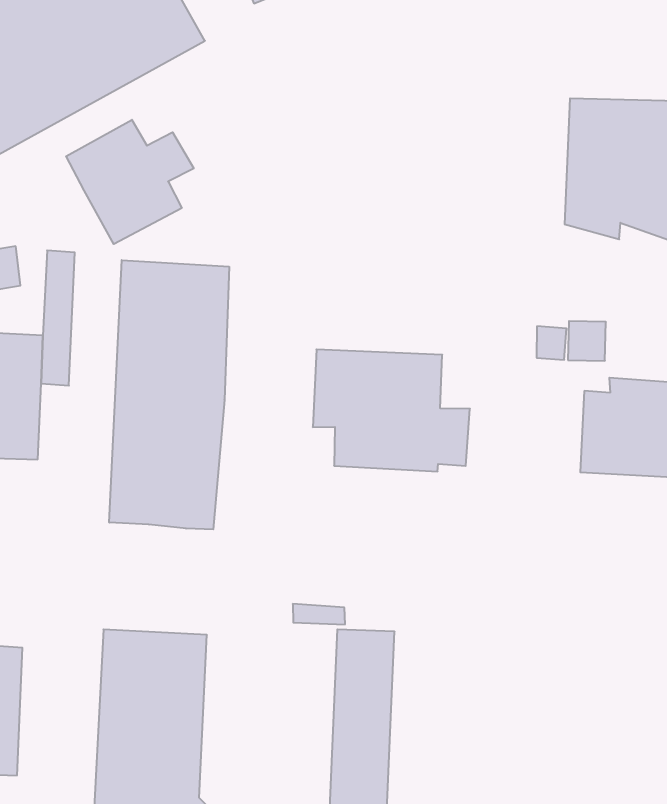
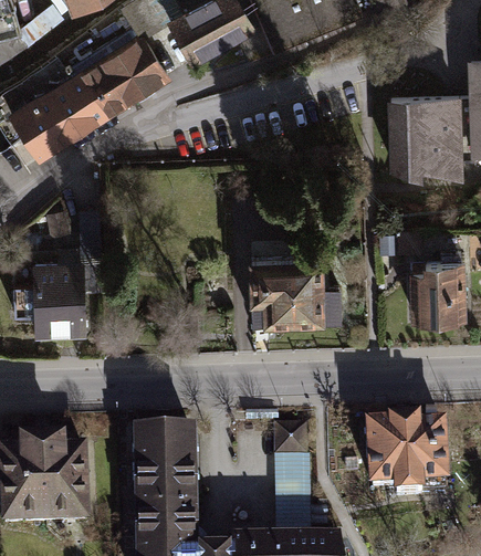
building: [66,120,194,244] -> none
building: [109,260,229,529] -> none
building: none -> [366,420,453,503]

